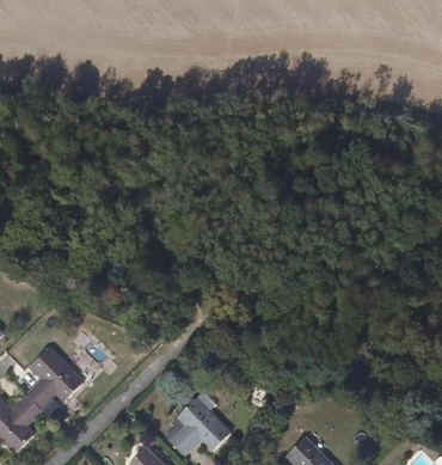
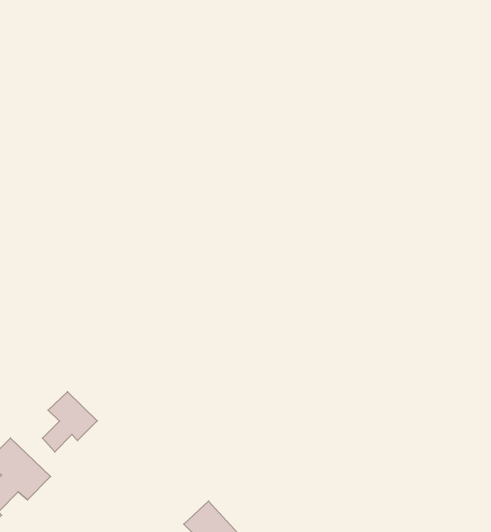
building: none -> [42,392,97,452]

